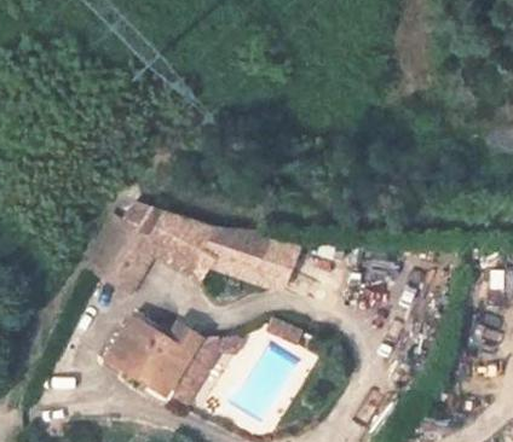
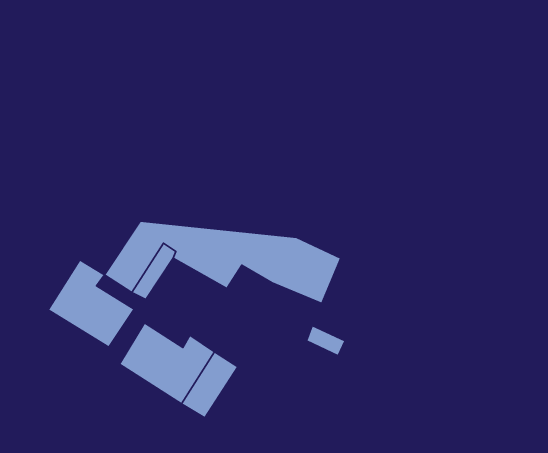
building: none -> [48,260,134,347]

